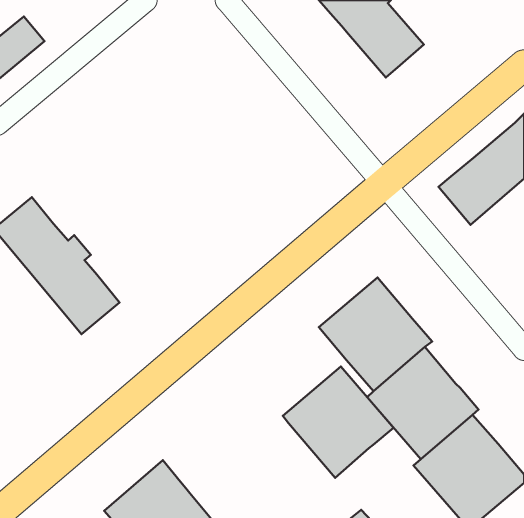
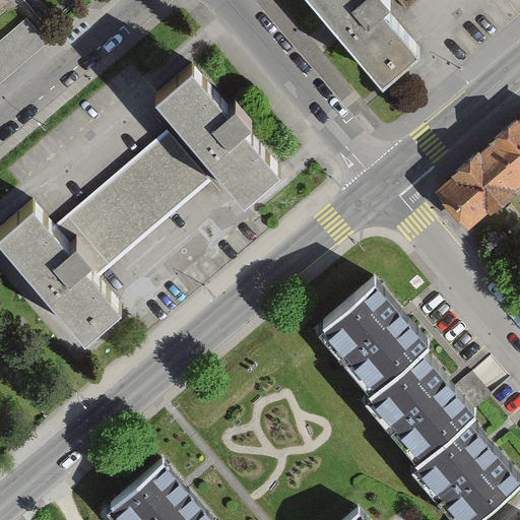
building: none -> [154,67,276,201]
building: none -> [53,135,206,279]
building: [283,367,393,478] -> none

